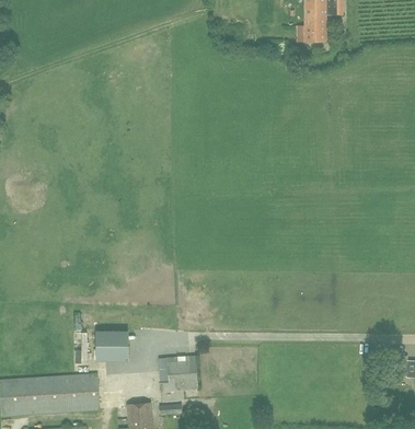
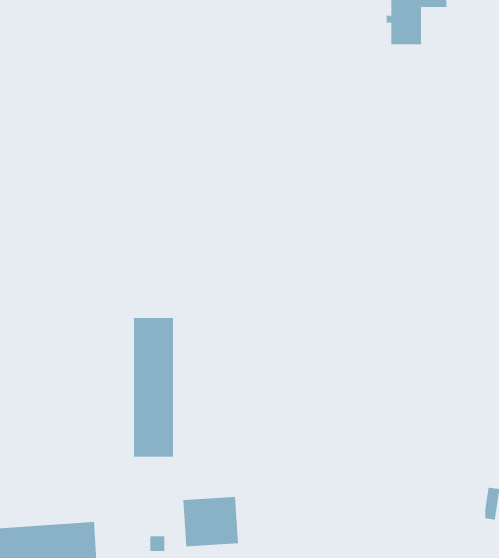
building: none -> [134,317,174,458]
building: [96,331,128,360] -> none

